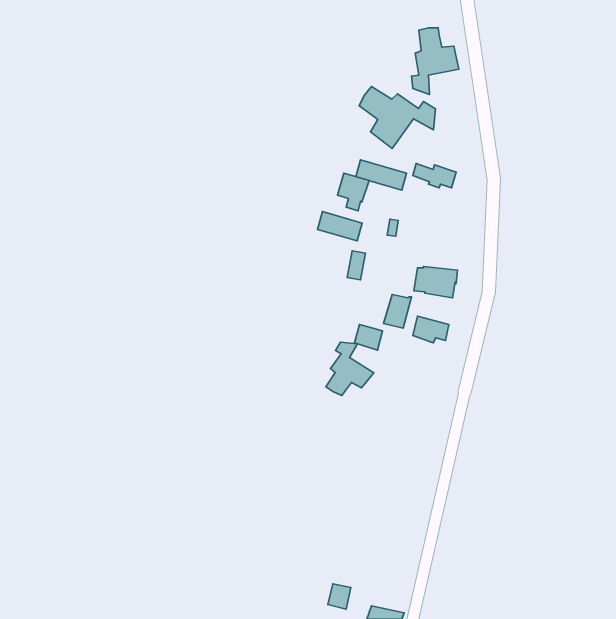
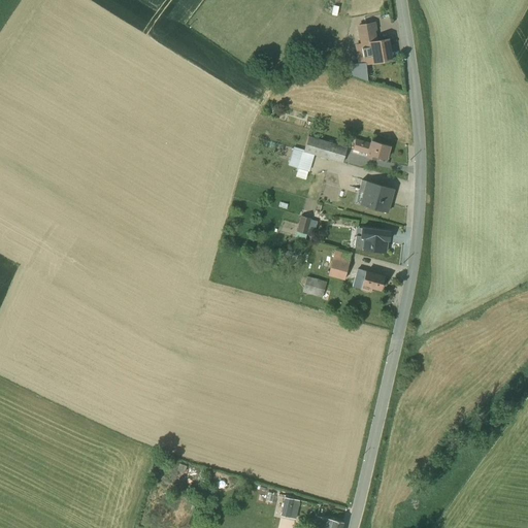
building: [359,86,435,148] -> none
building: none -> [355,179,396,212]
building: [317,212,362,241] -> none
building: [326,342,374,395] -> none

